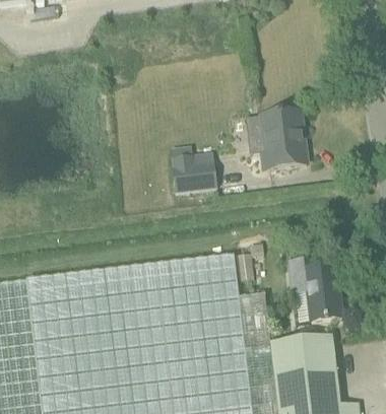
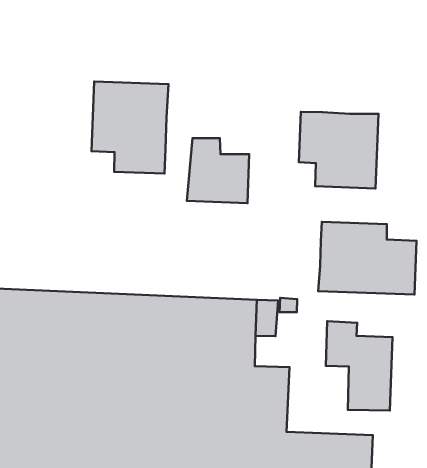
building: none -> [91,82,169,174]
building: none -> [318,222,417,294]

